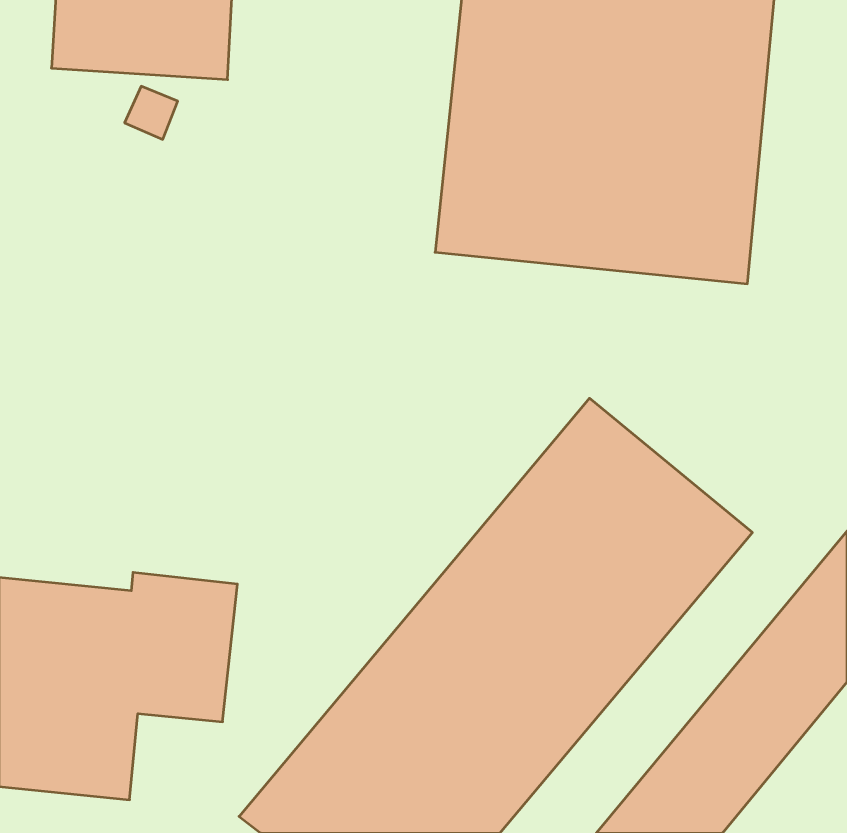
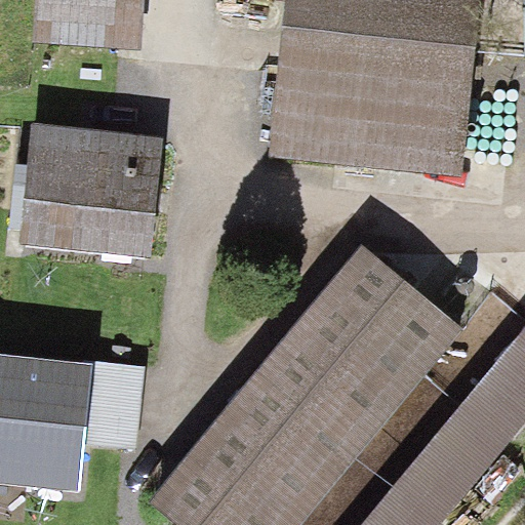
building: none -> [6,121,162,258]

